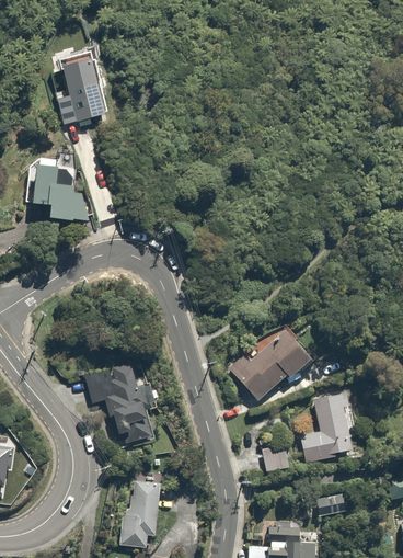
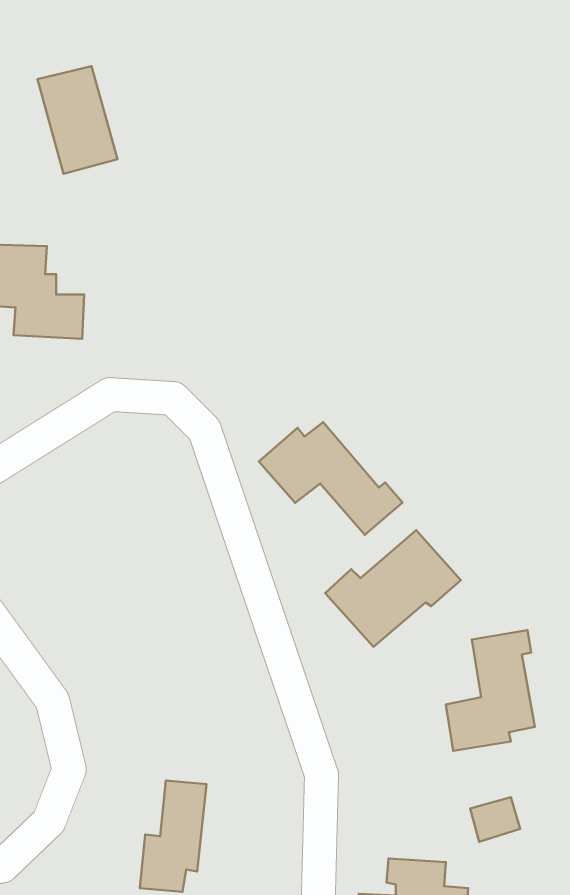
building: none -> [259,422,402,535]
building: [82,364,151,446] -> none
building: [264,445,288,468] -> none

